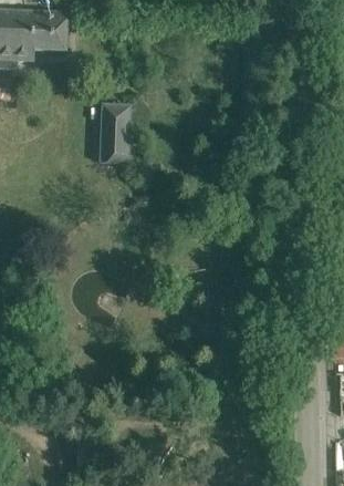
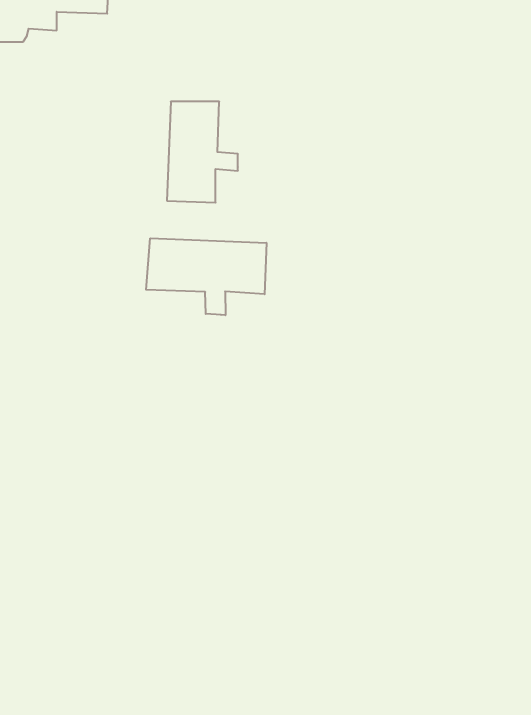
building: none -> [146,238,266,315]

